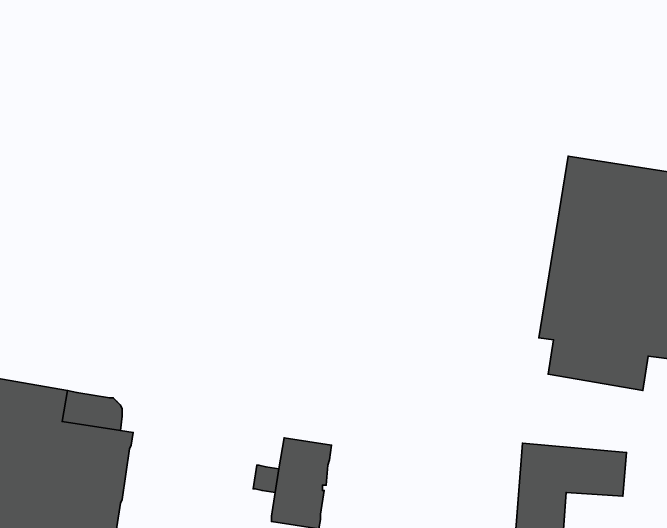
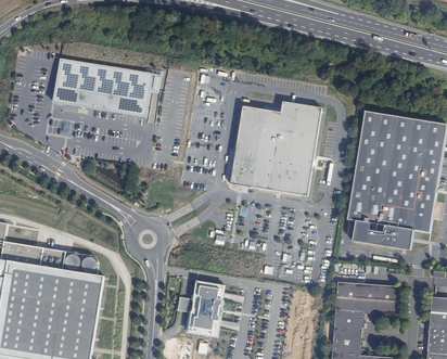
building: none -> [53,56,162,116]
building: none -> [228,102,319,195]

